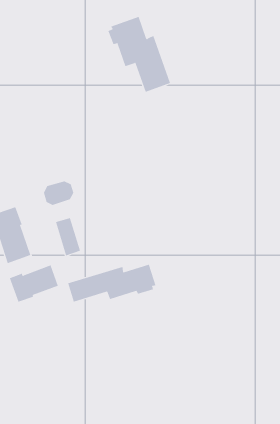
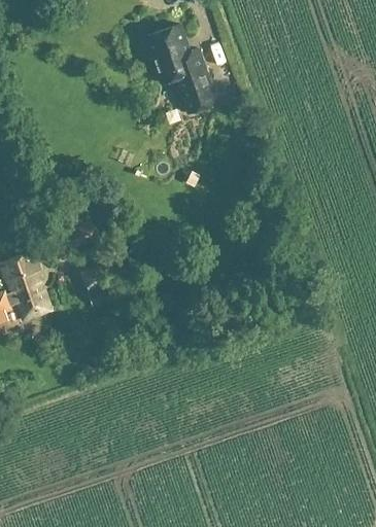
building: [68,264,156,303] -> none
building: [9,265,58,302] -> none

